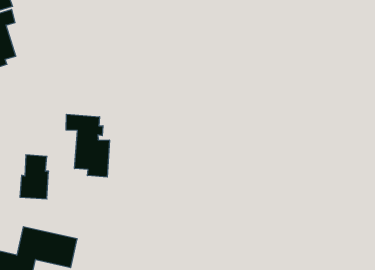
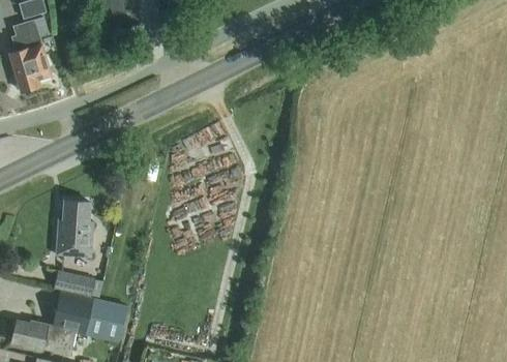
building: [66,114,109,177] -> none
building: none -> [54,270,94,296]

